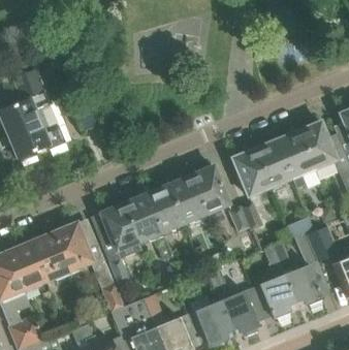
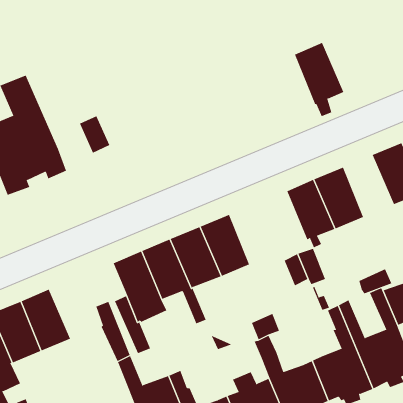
building: [276,130,314,187] -> [294,42,344,117]
building: [189,165,228,224] -> none
building: [52,222,92,271] -> none

